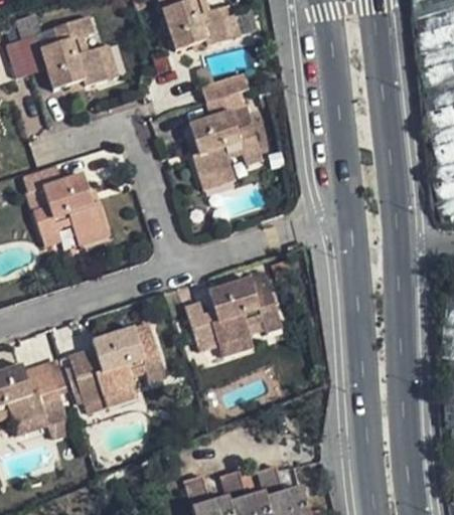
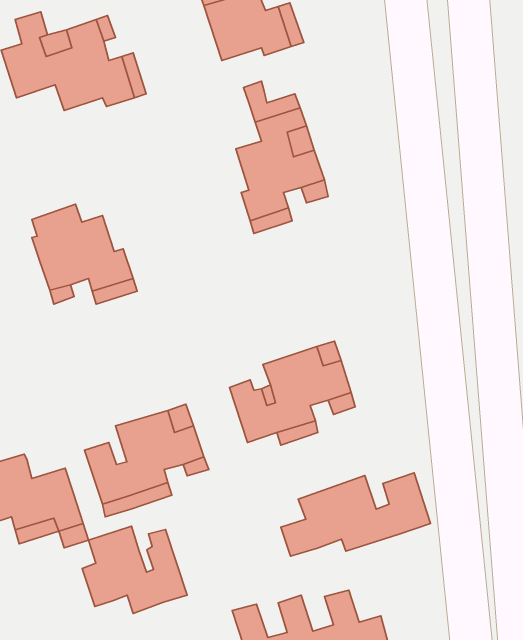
building: [25,354,72,391] -> none
building: none -> [281,473,431,556]
building: none -> [82,526,187,613]

